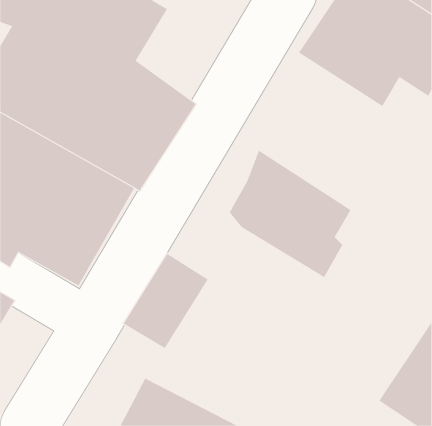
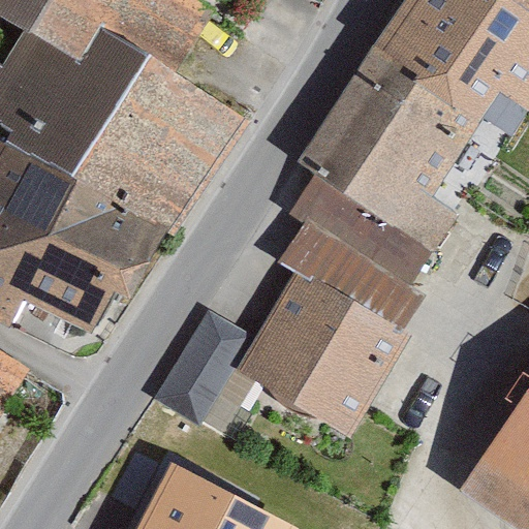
building: none -> [293,64,467,256]
building: none -> [238,277,403,435]

